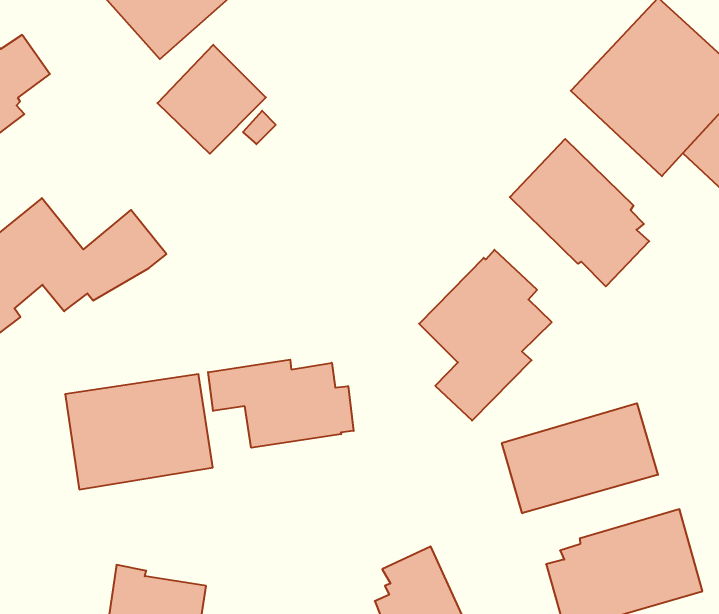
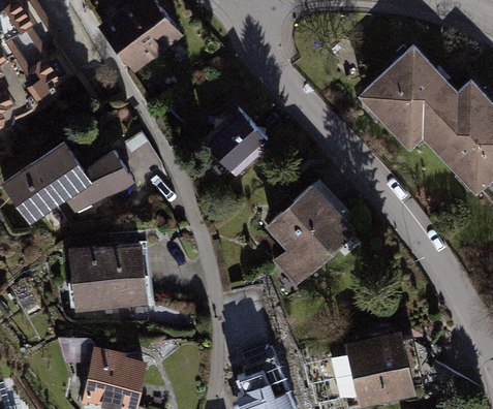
building: [157,45,266,154] -> [205,112,266,172]
building: [510,139,649,286] -> none
building: [208,360,354,448] -> none
building: [502,403,658,513] -> none

